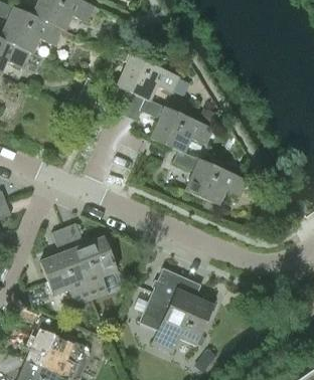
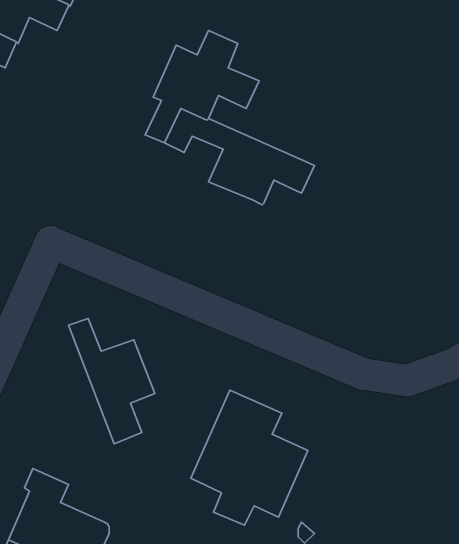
building: [171,150,249,205] -> none
building: [39,227,91,307] -> none

